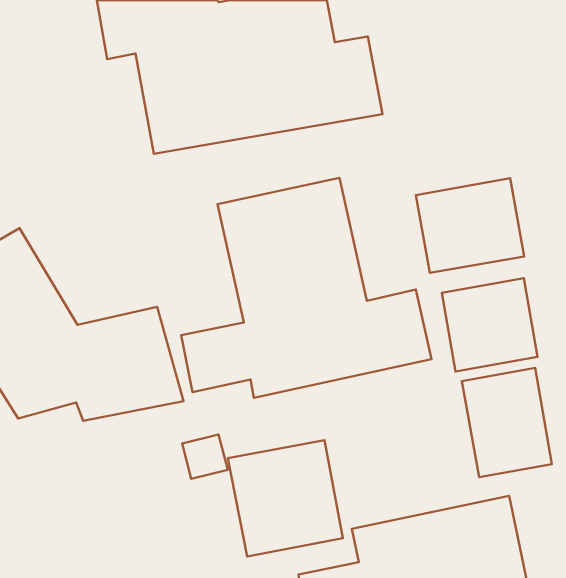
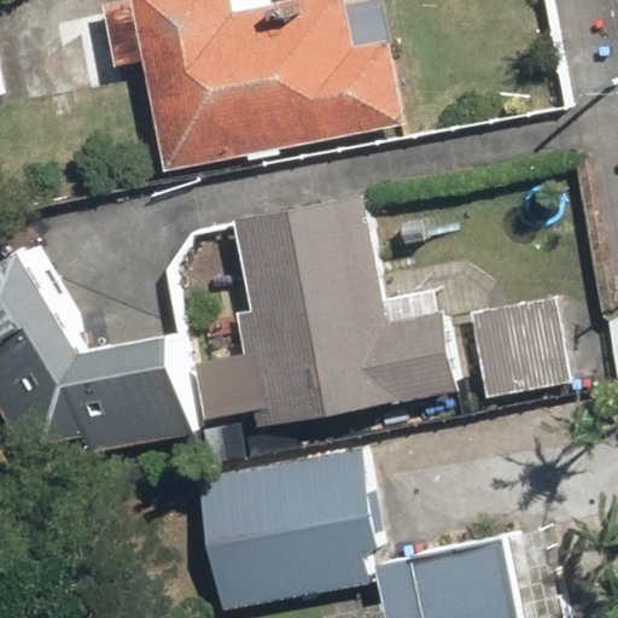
building: [416,178,524,273] -> none
building: [462,368,552,477] -> none

